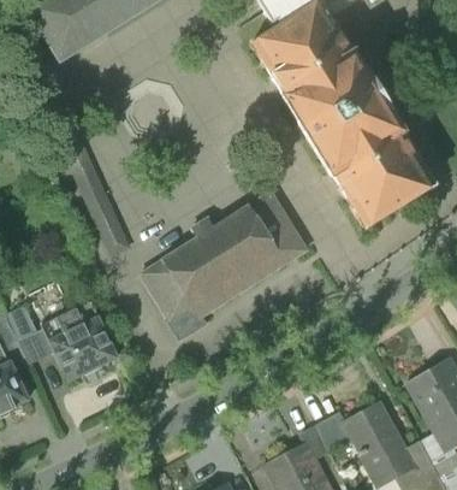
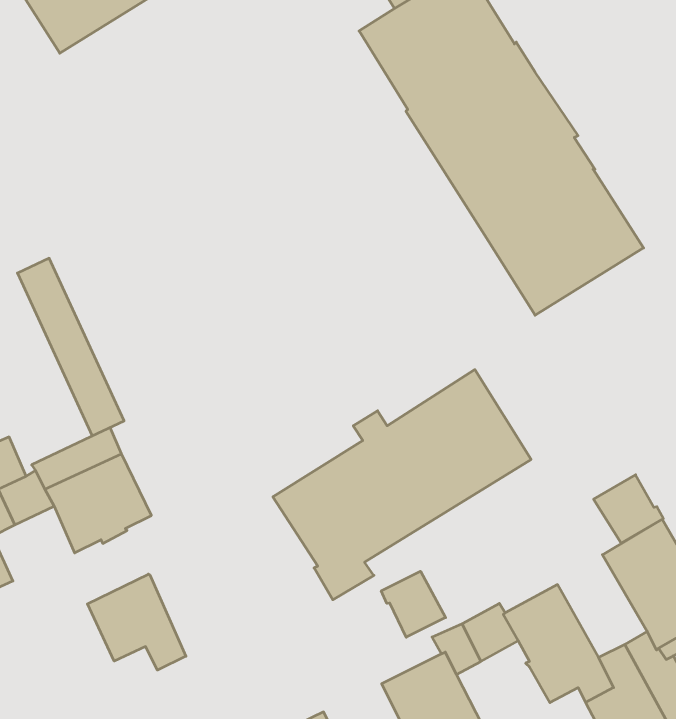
building: [63,142,131,256] -> [17,258,124,436]
building: [140,193,305,341] -> [273,370,531,600]
building: none -> [594,475,663,543]
building: none -> [381,571,446,637]
building: none -> [87,574,186,670]

